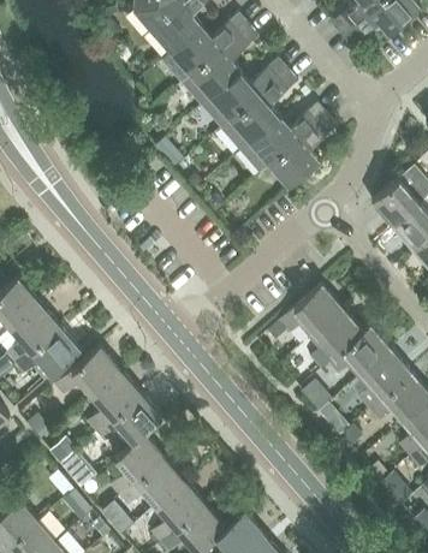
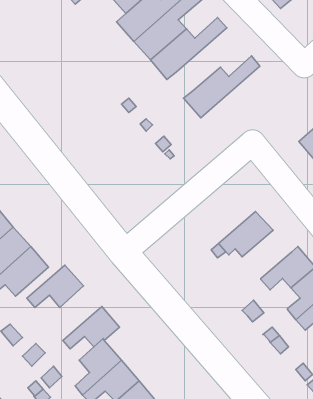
building: [220,71,298,153] -> none
building: [268,115,338,190] -> none
building: [307,307,364,370] -> none
building: [89,371,143,435] -> none

